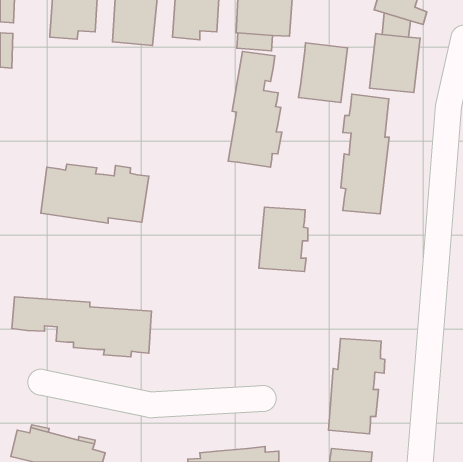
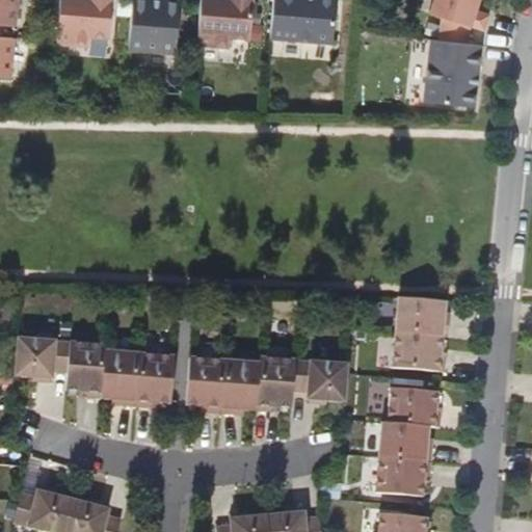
building: [299,43,348,103] -> none
building: [228,52,282,167] -> none
building: [341,94,389,214] -> none
building: [41,164,149,223] -> none
building: [259,207,308,272] -> [393,297,449,371]
building: none -> [186,357,347,415]

